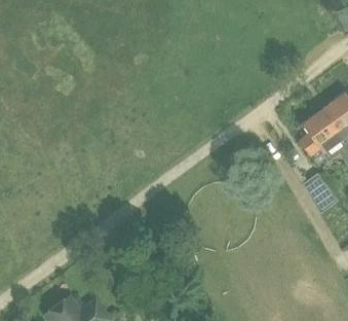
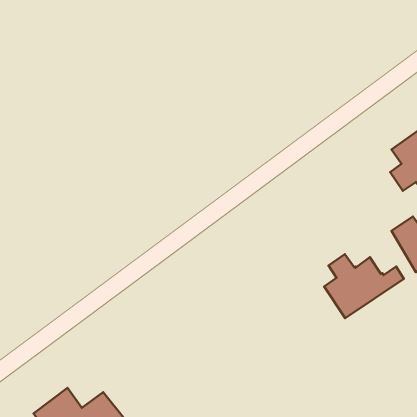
building: none -> [324,254,404,318]

